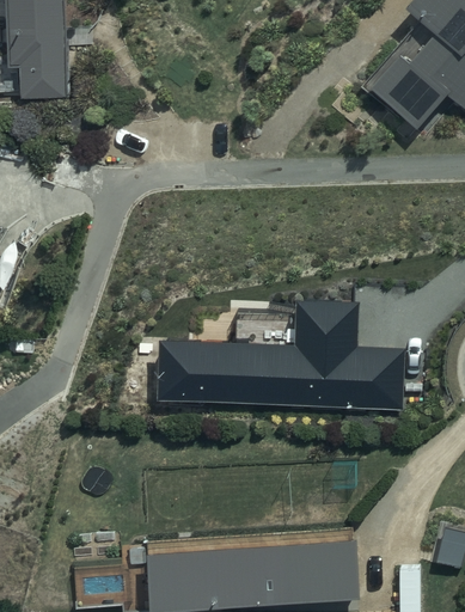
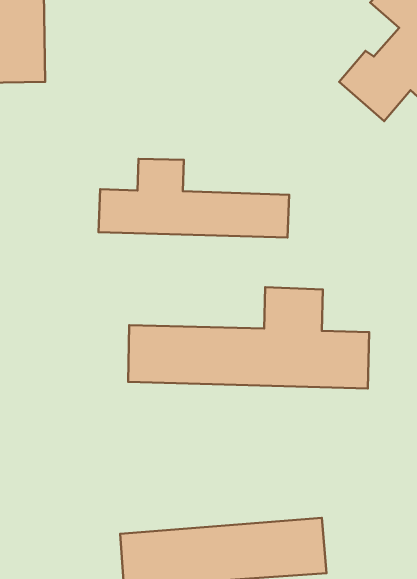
building: none -> [99,159,289,238]

